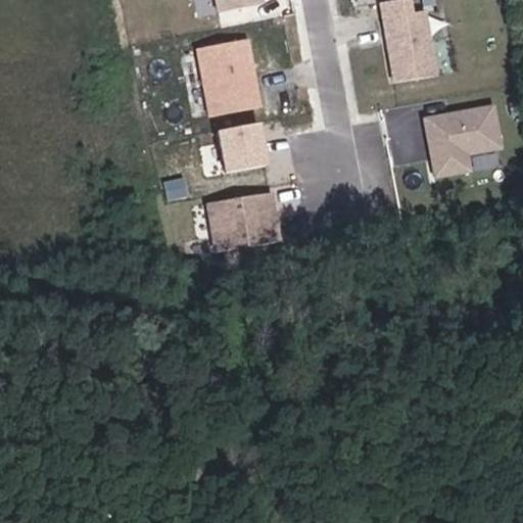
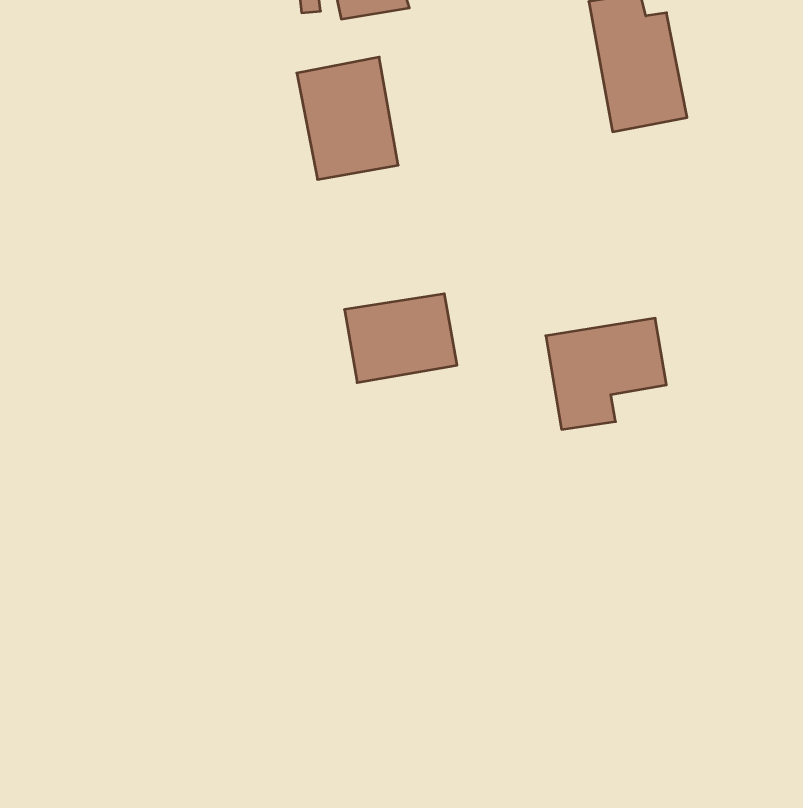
building: [425,107,503,179] -> [546,318,666,429]
building: [212,121,266,170] -> none

